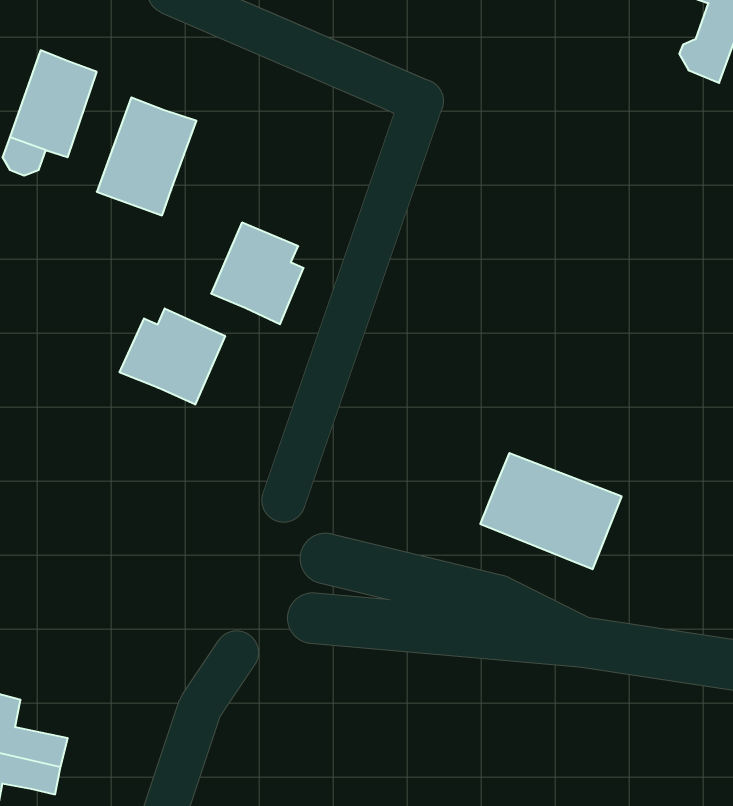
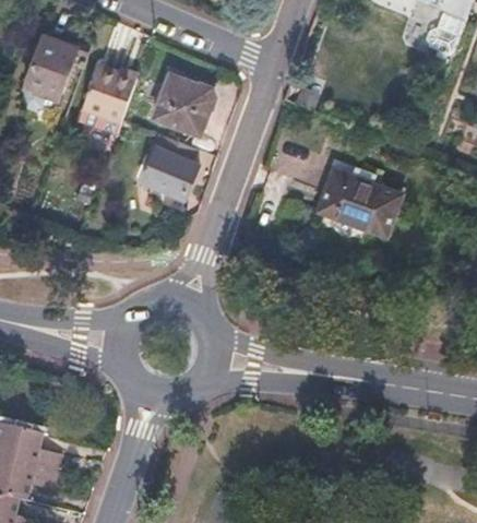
building: none -> [154,75,213,135]
building: [120,308,225,405] -> none
building: [480,453,622,569] -> [317,170,402,240]

